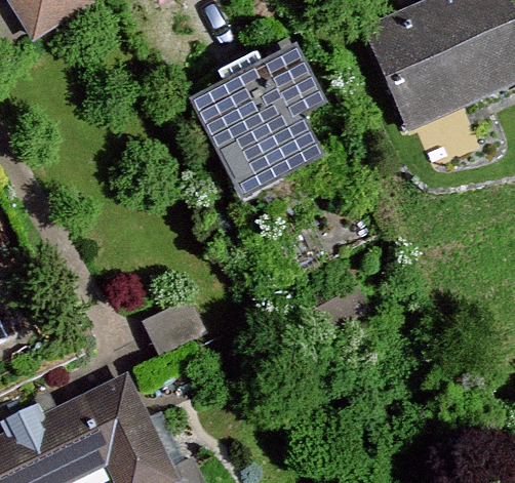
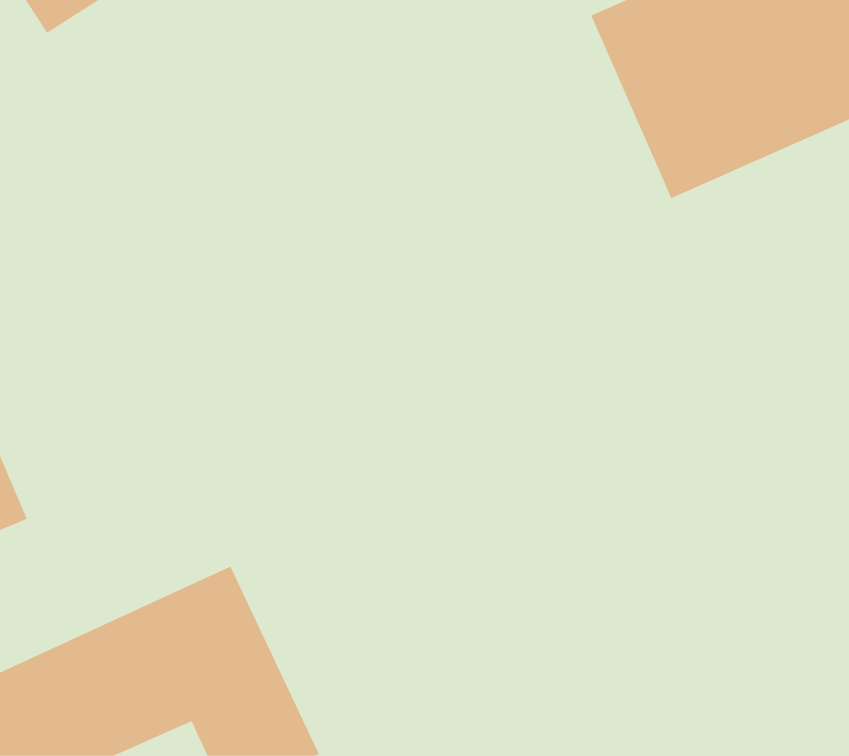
building: [177,47,334,199] -> none

